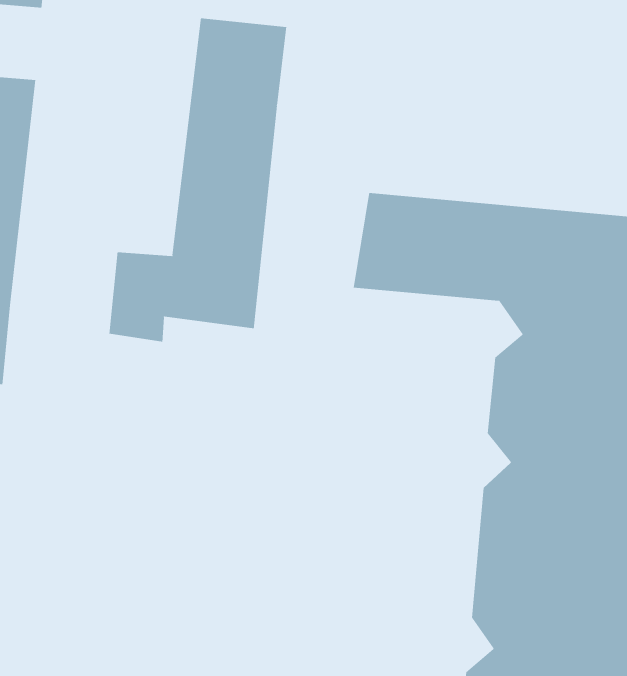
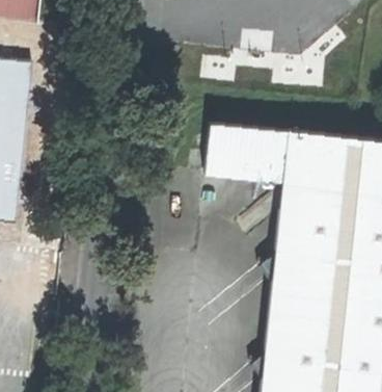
building: [109,17,287,342] -> none

